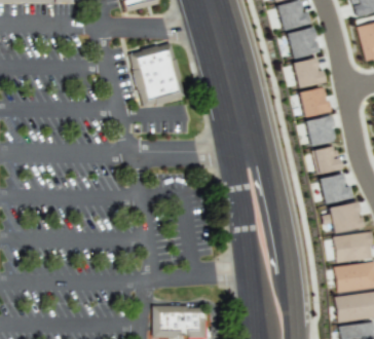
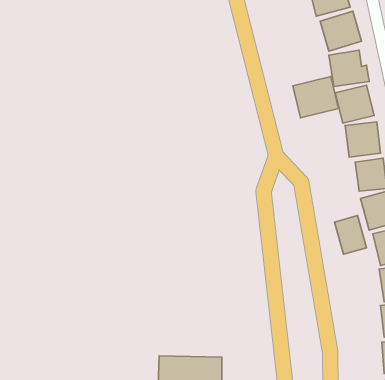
building: [132,45,184,106] -> none
building: none -> [293,77,339,118]
building: none -> [335,216,366,254]

